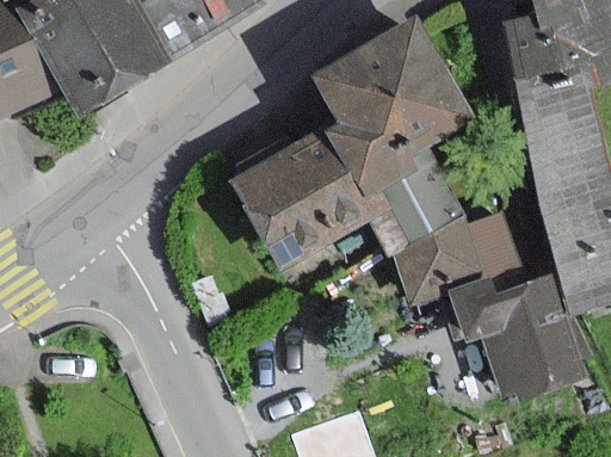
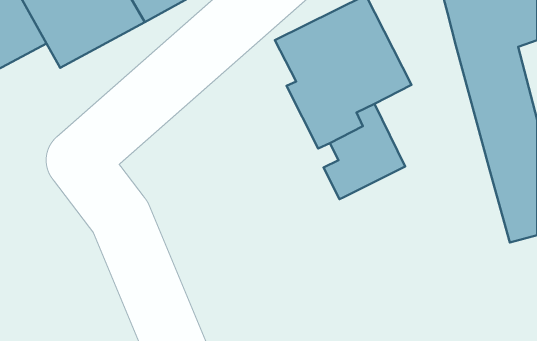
building: [233,128,385,266] -> none
building: [391,215,518,307] -> none
building: [450,277,584,393] -> none

